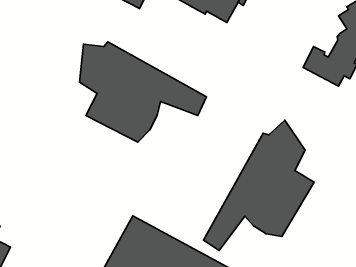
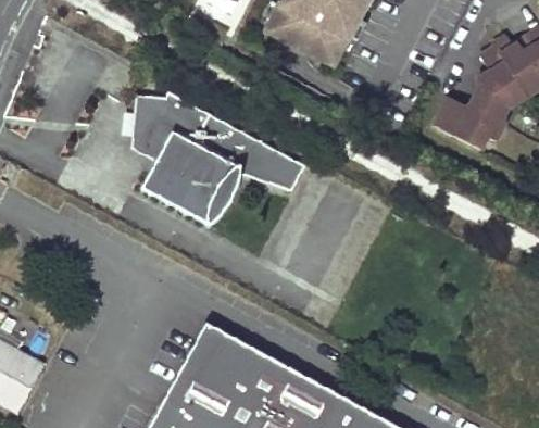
building: [203,120,314,251] -> none

